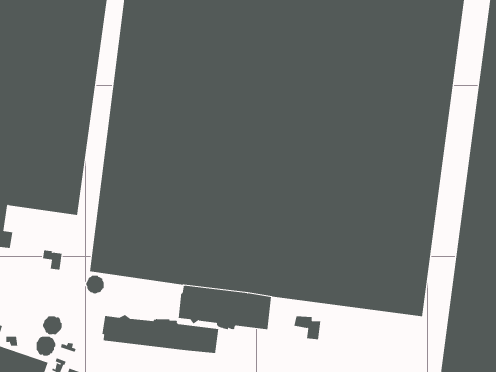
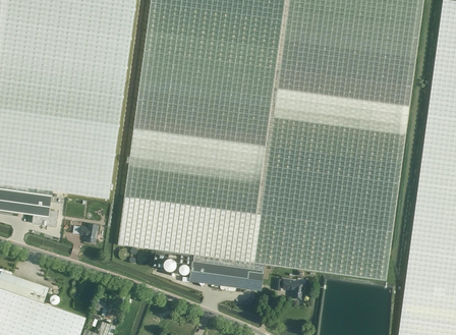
building: [102,314,219,354] -> none

